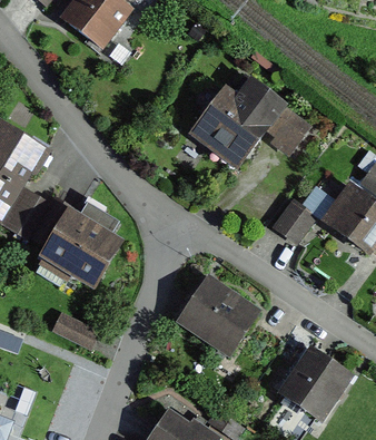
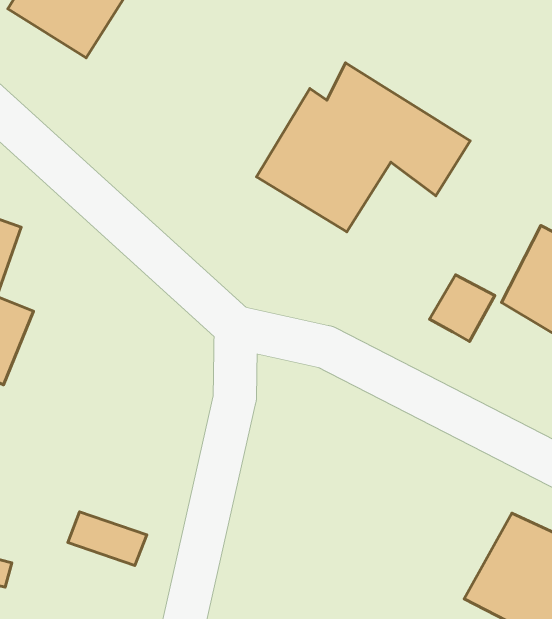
building: [32,202,120,292] -> none
building: [177,275,259,356] -> none

